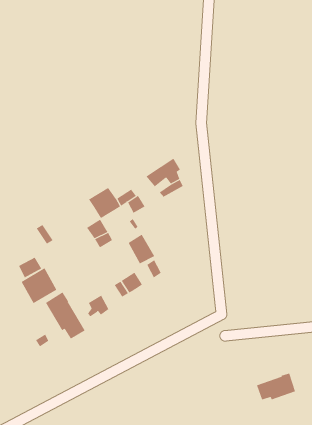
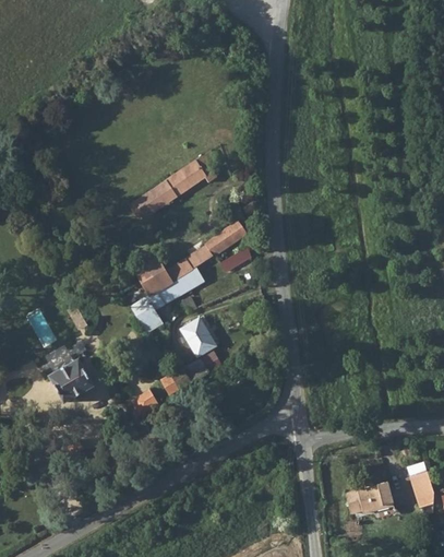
building: none -> [129,155,216,221]
building: none -> [148,275,189,309]
building: [45,292,85,339] -> none

